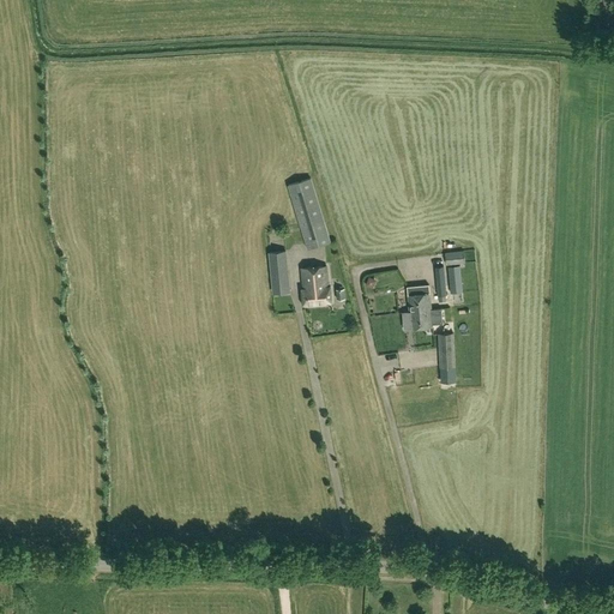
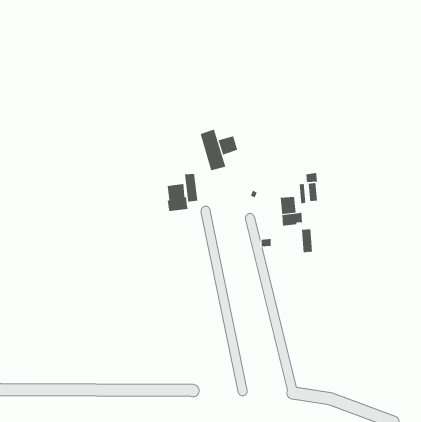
building: none -> [218,135,238,155]
building: [300,265,331,306] -> [167,183,188,212]

